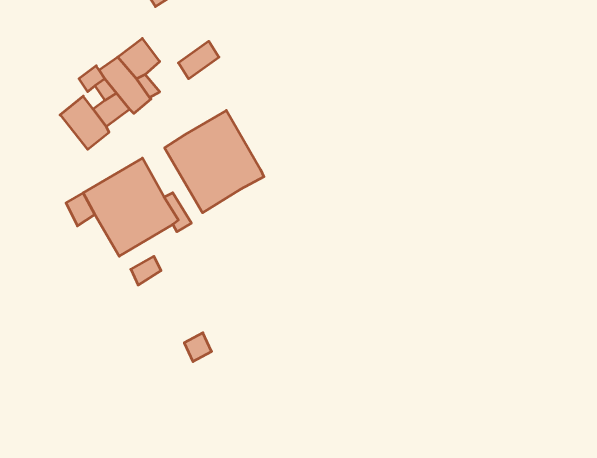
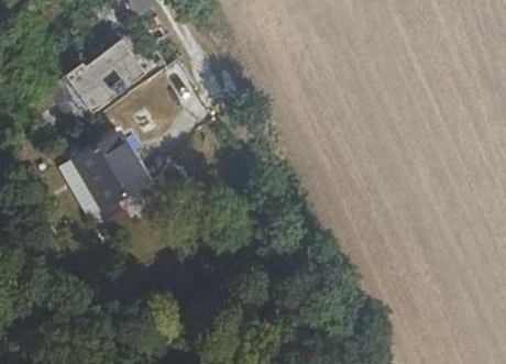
building: [165,110,264,213] -> none

